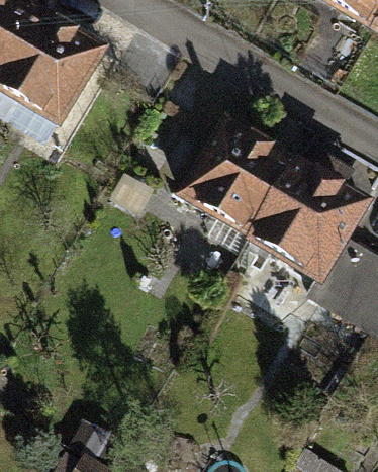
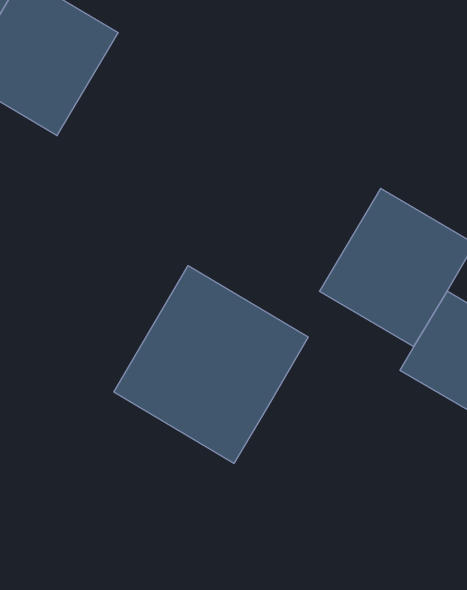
building: [183,121,296,238] -> none
building: none -> [114,266,308,463]

